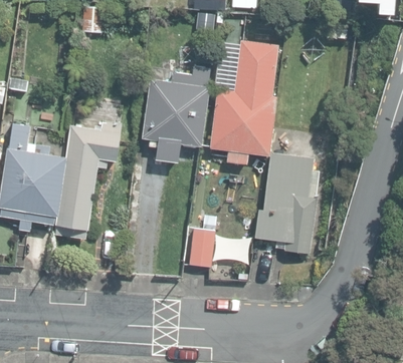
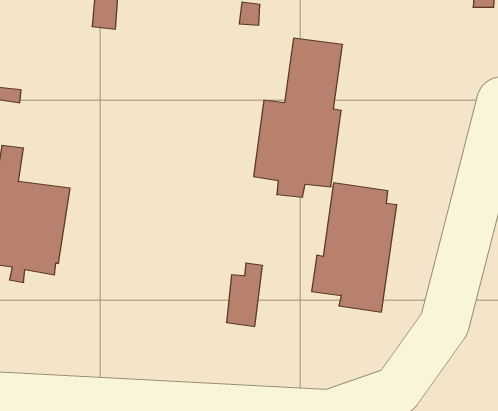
building: [141,66,210,161] -> none
building: [56,120,122,238] -> none

